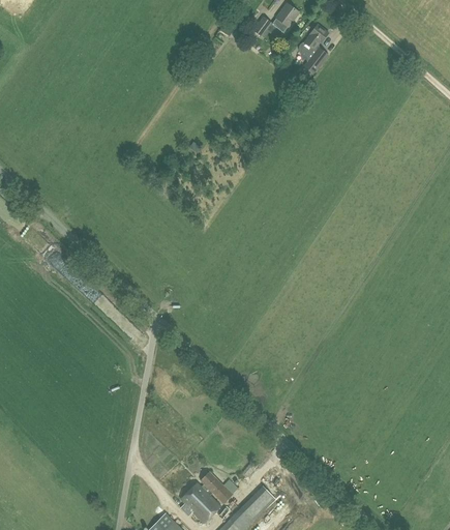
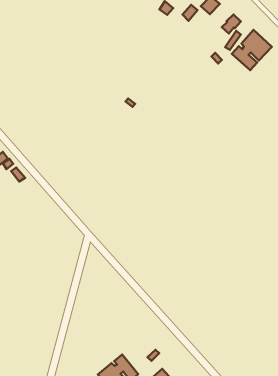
building: none -> [232,30,272,70]

